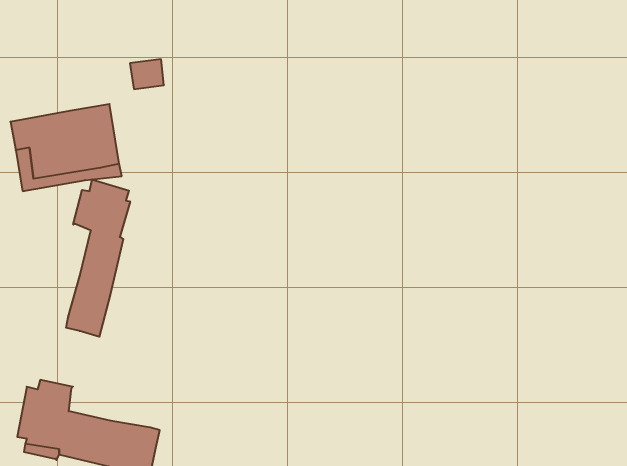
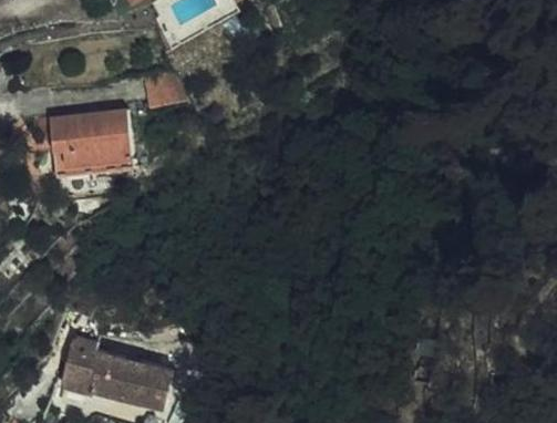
building: [66,179,130,337] -> none

